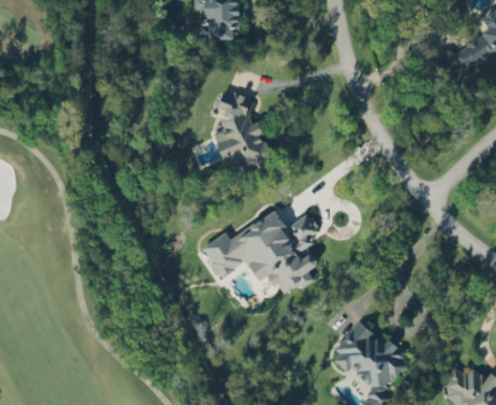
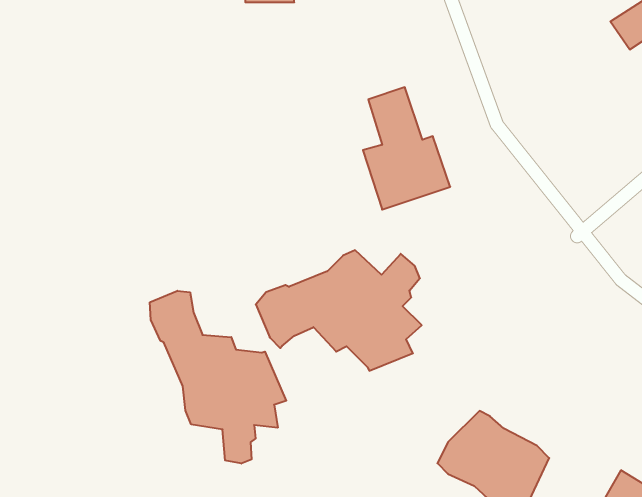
building: [213,90,273,174] -> [363,87,450,210]
building: none -> [150,291,286,464]

